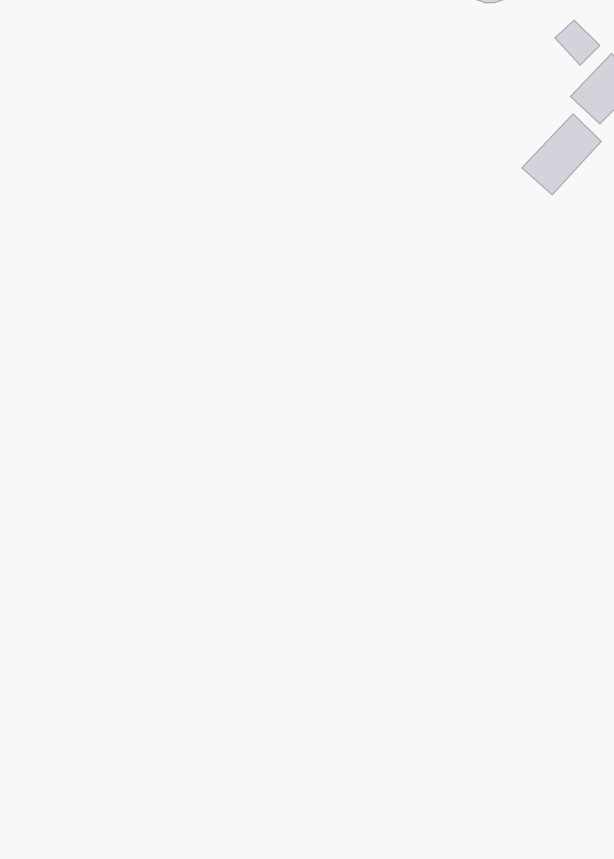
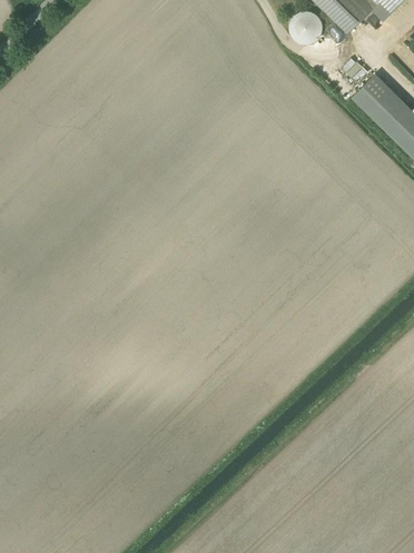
building: [522,114,601,195] -> none

